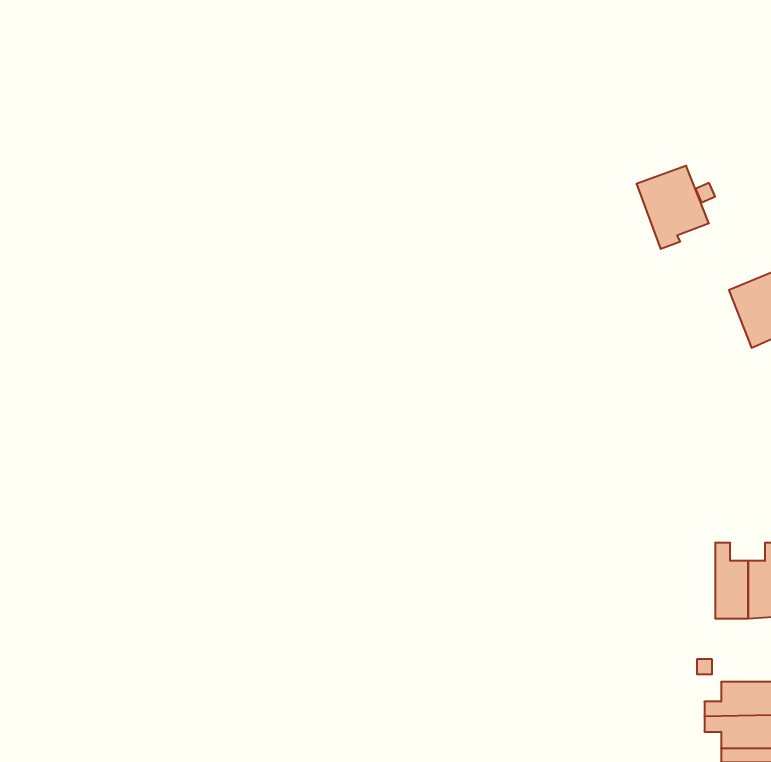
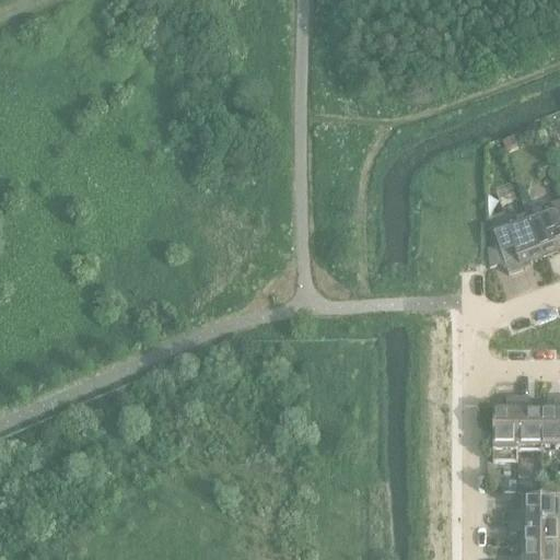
building: [636,166,709,249] -> [492,210,545,270]
building: none -> [494,393,518,458]

